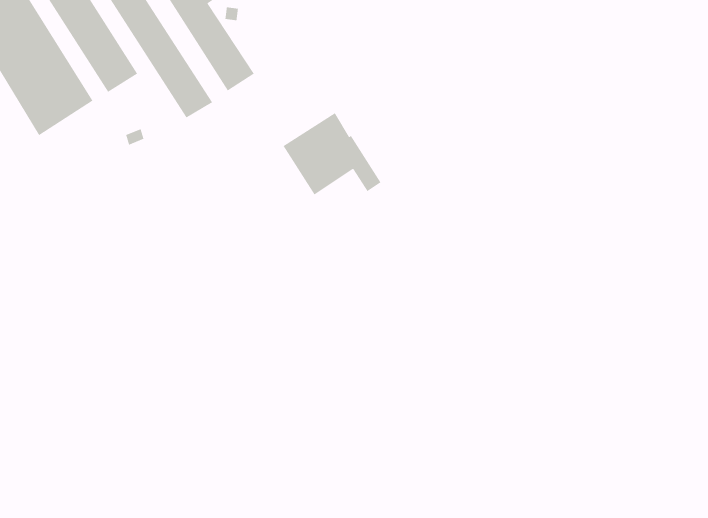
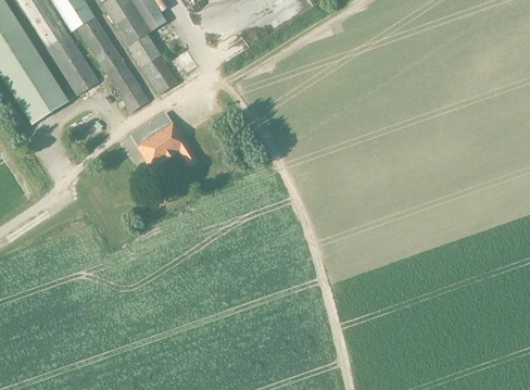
building: [282,112,381,195] -> [130,112,198,168]

